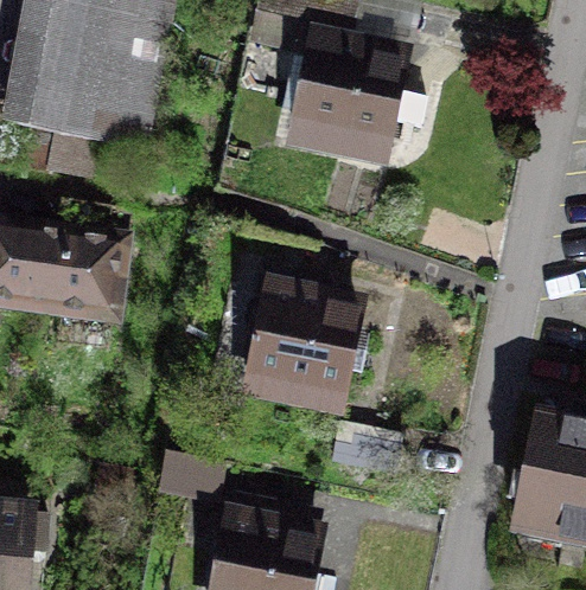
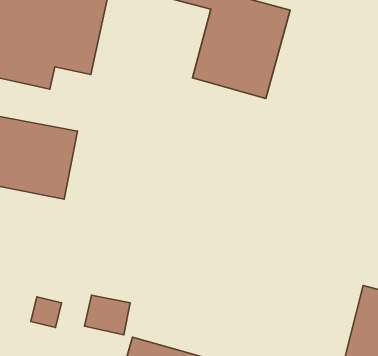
building: [241,275,368,415] -> none

